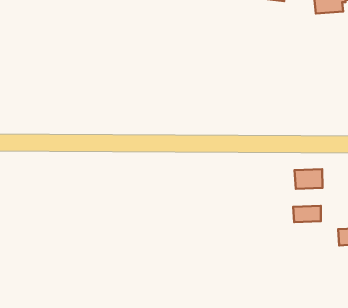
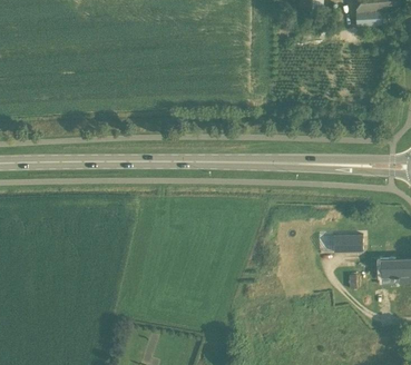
building: [295,169,323,189] -> none

